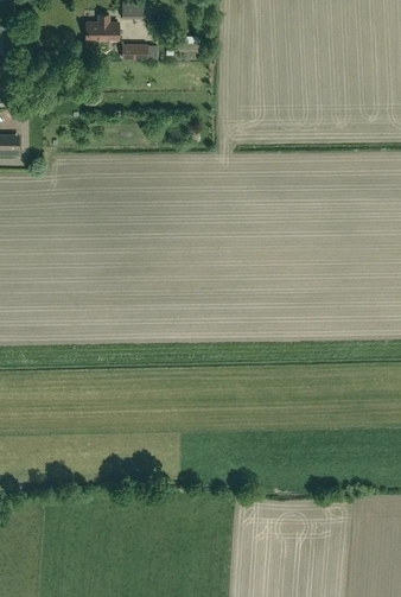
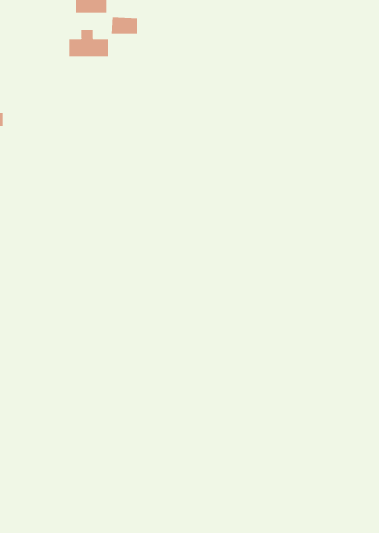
building: none -> [69,29,109,57]

